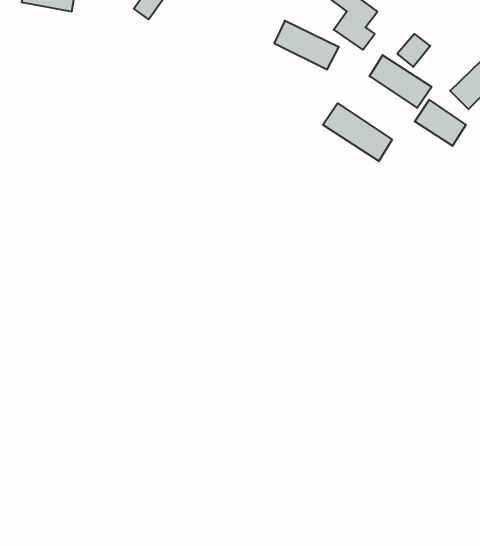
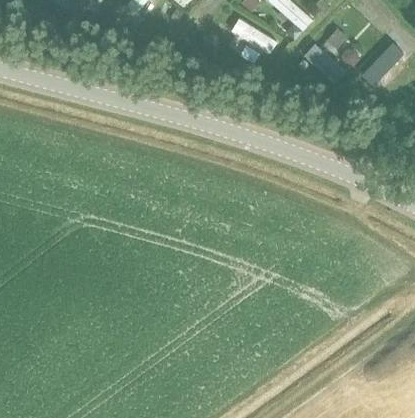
building: [415,100,466,146] -> none
building: [323,103,392,161] -> none

